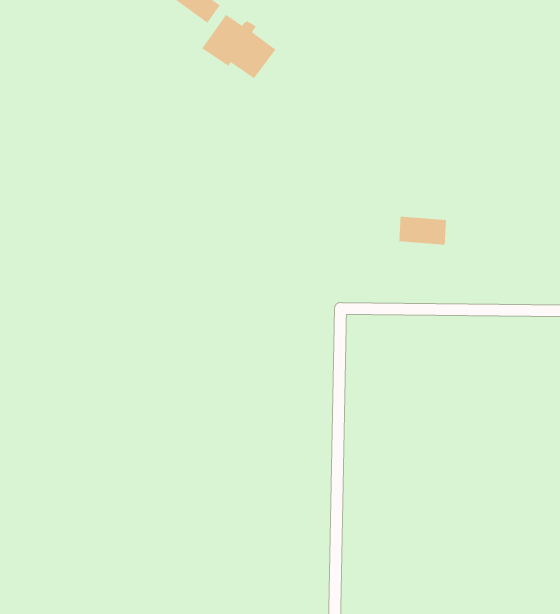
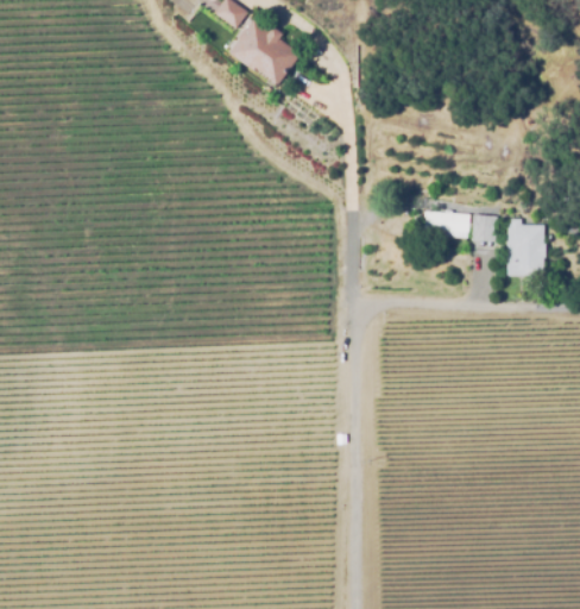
building: none -> [469,215,499,244]
building: none -> [505,221,543,278]

